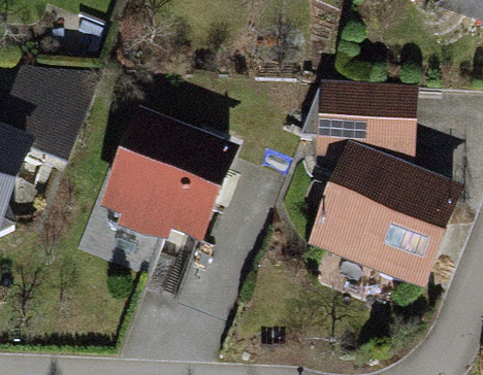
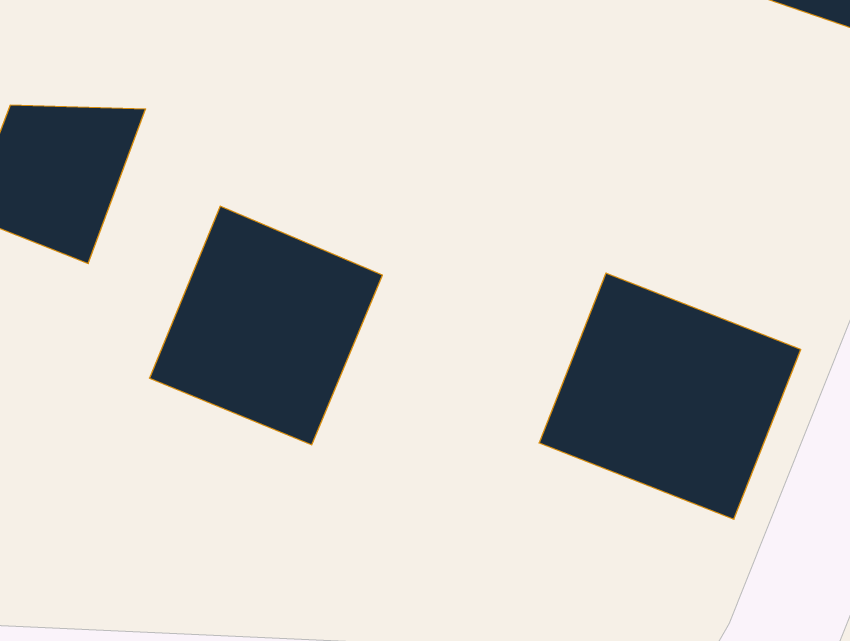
building: [322,88,415,155] -> none

